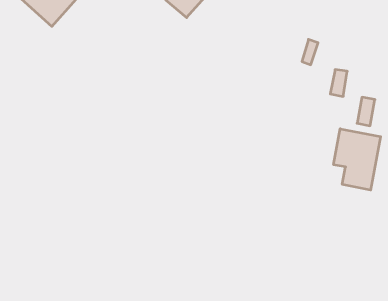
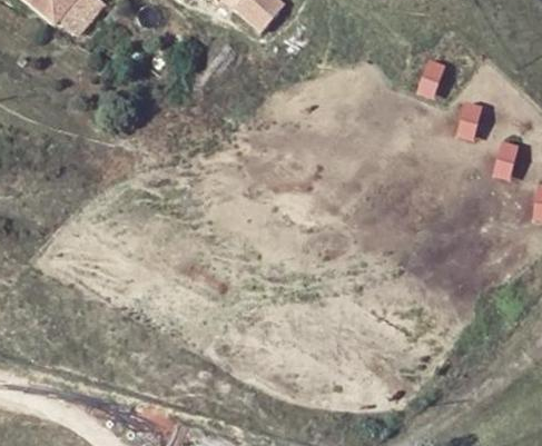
building: [334,129,381,190] -> none

